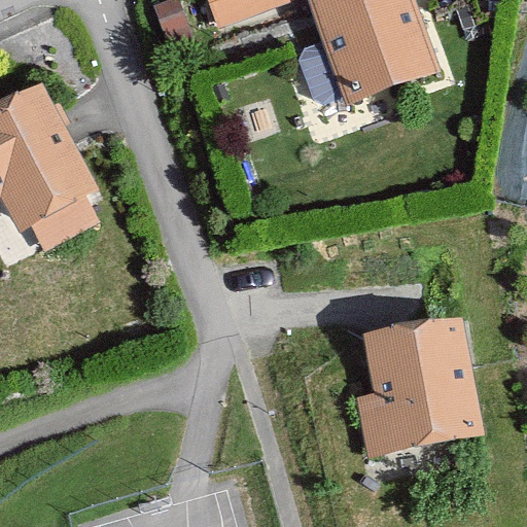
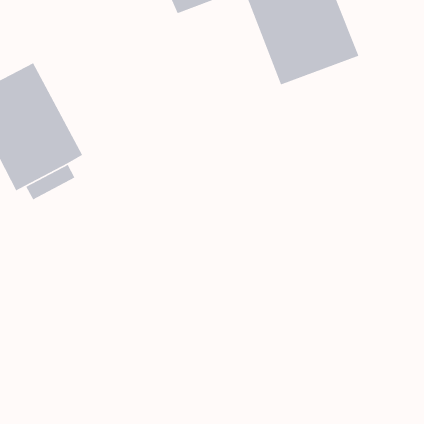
building: [354,318,482,458] -> none

